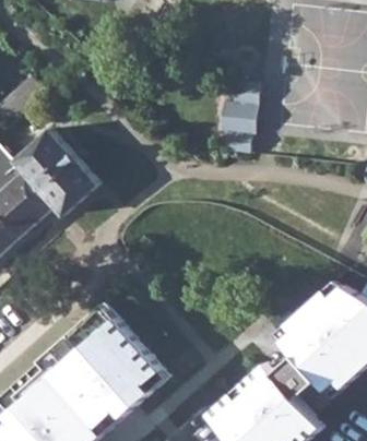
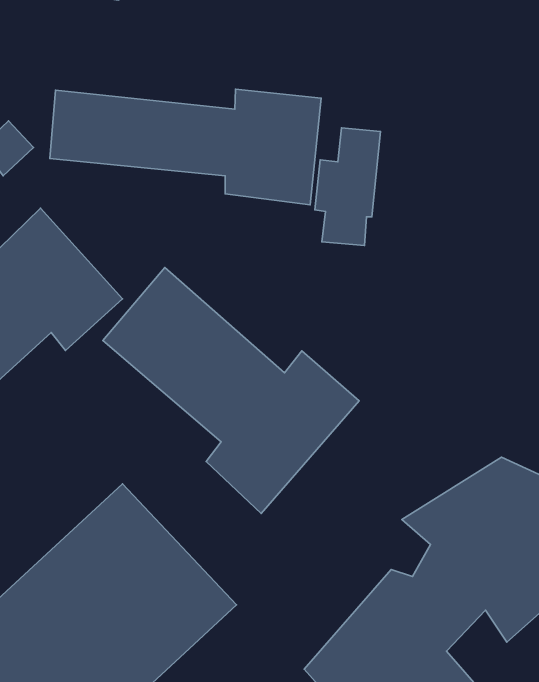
building: none -> [50,89,321,205]
building: none -> [103,268,359,514]

